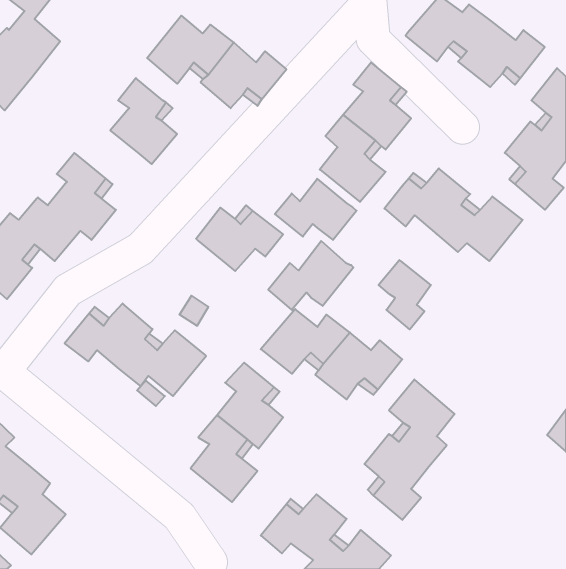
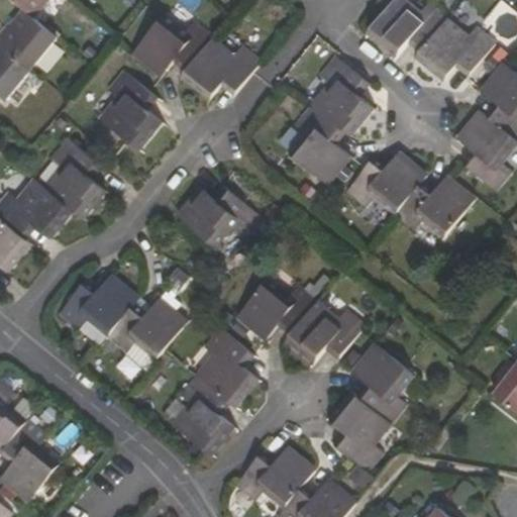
building: [275,179,357,240] -> none
building: [268,241,353,310] -> none
building: [379,260,431,329] -> none

